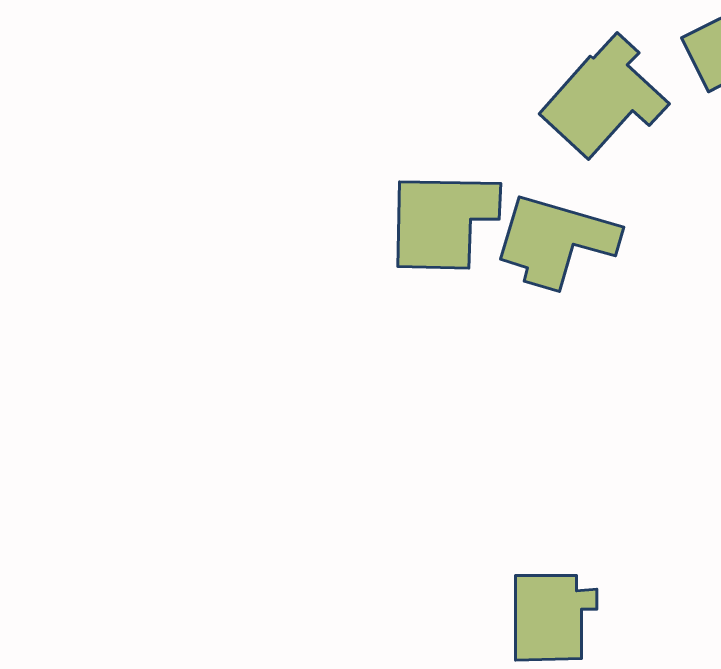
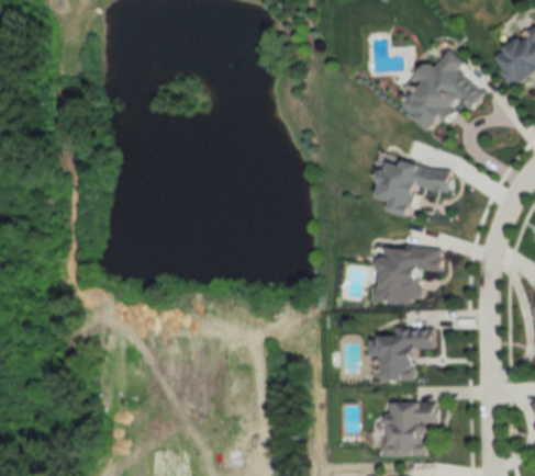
building: [398,182,501,268] -> [376,247,443,303]
building: none -> [368,328,434,379]

